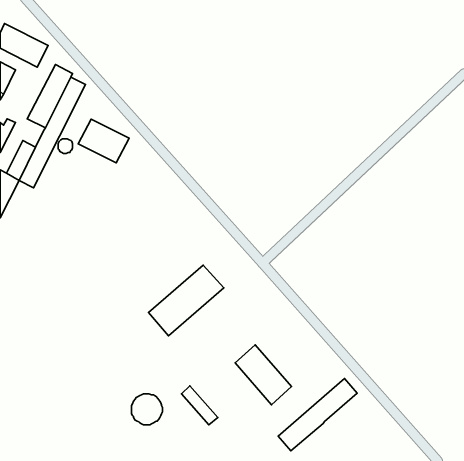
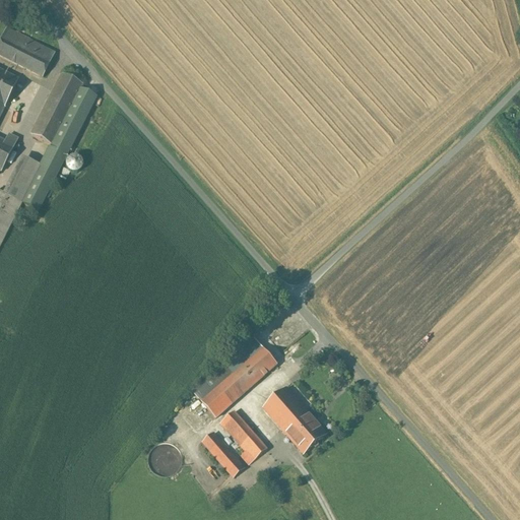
building: [78,119,129,163] -> none
building: [149,265,224,336] -> [193,337,277,416]
building: none -> [220,410,266,463]
building: [278,379,357,451] -> none

